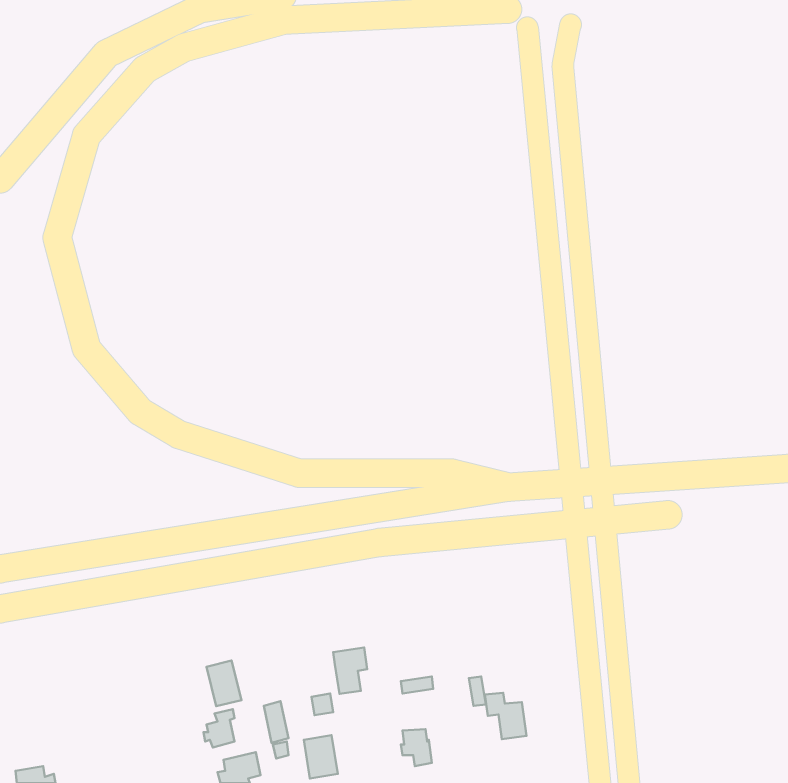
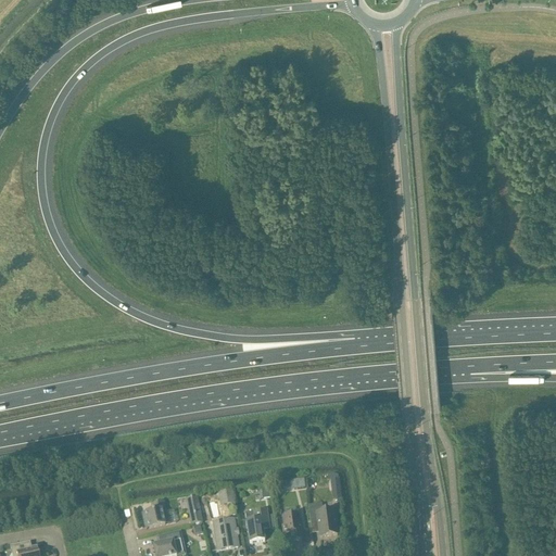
building: [333,648,367,694] -> [245,508,269,541]
building: [206,661,241,706] -> none
building: [485,693,526,739] -> [308,503,338,535]

